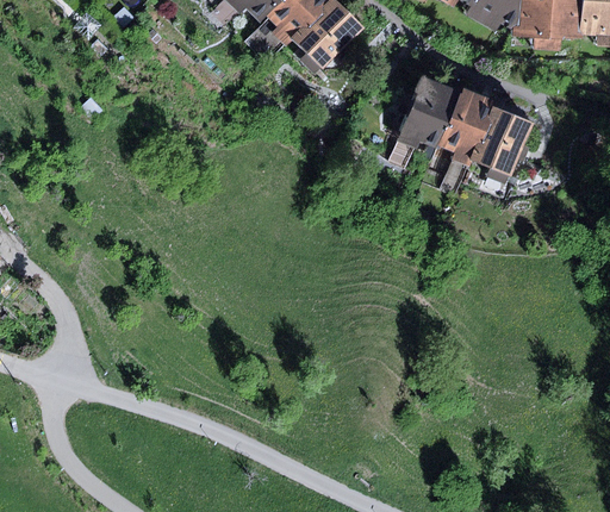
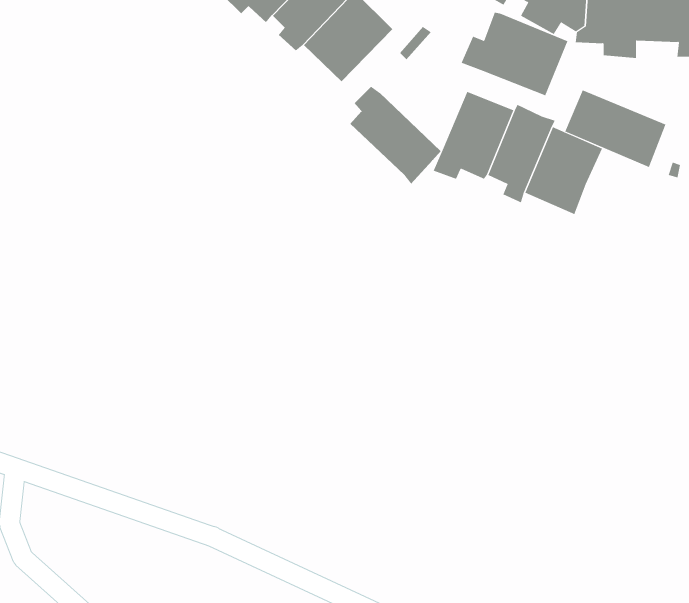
building: none -> [461,12,568,96]
building: none -> [349,86,441,185]
building: none -> [565,89,666,168]

